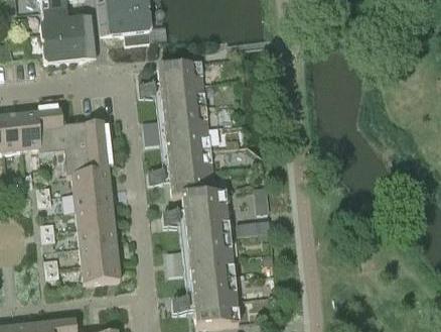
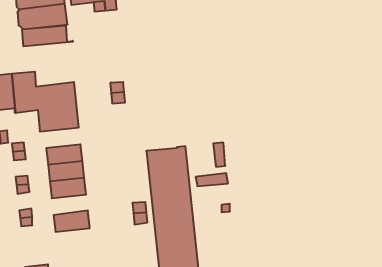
building: none -> [22,25,73,46]
building: [157,60,214,197] -> none
building: [65,170,110,192] -> none
building: [79,242,118,264] -> none

